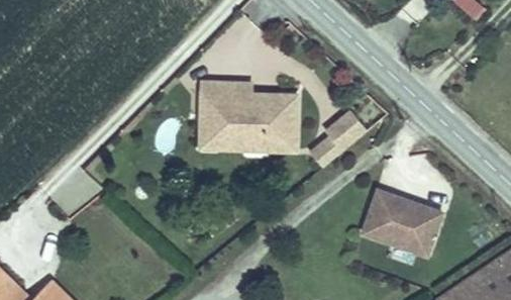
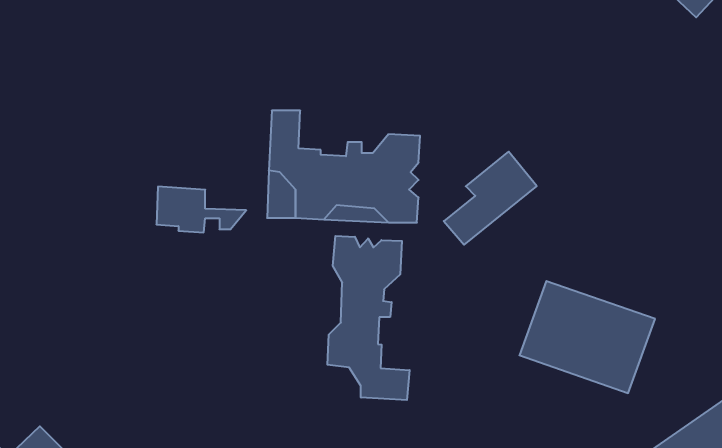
building: [217,79,275,108] -> [156,187,246,232]
building: none -> [327,236,410,400]

